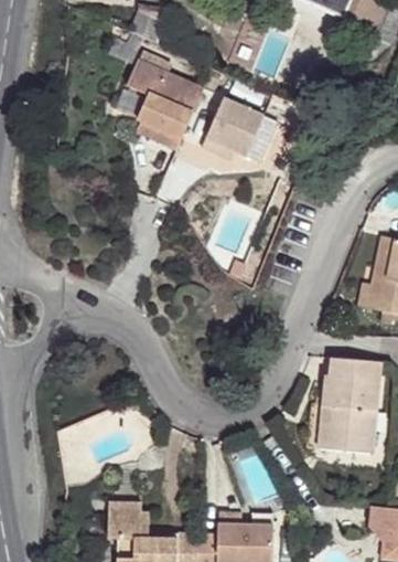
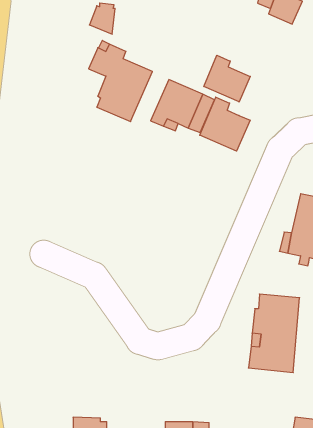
building: none -> [204,55,250,102]
building: none -> [200,97,250,151]

